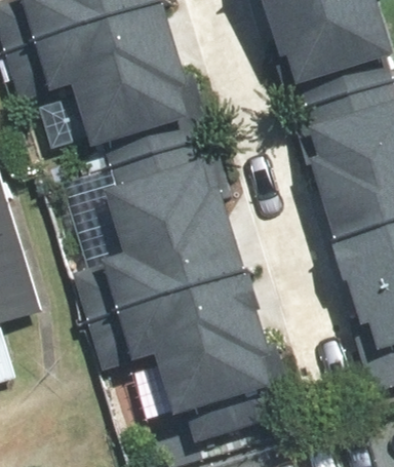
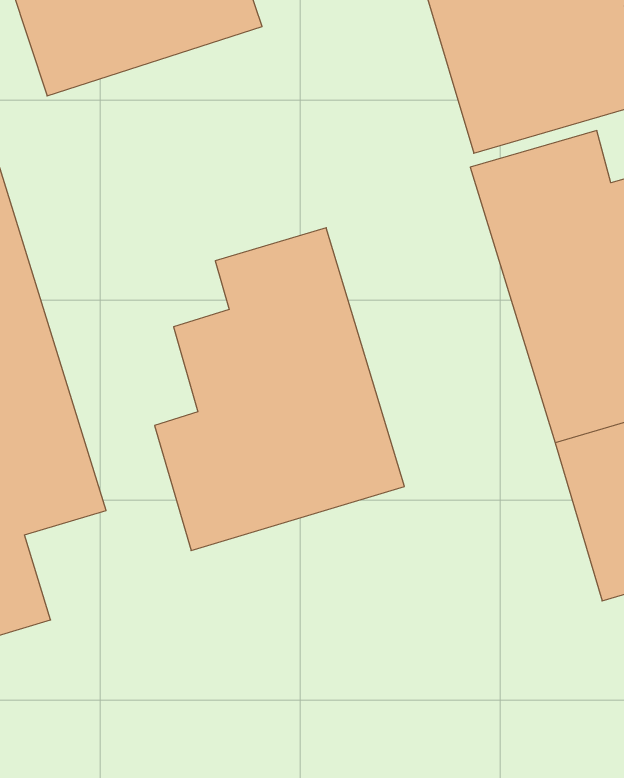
building: [35,17,189,140] -> none
building: [120,289,273,413] -> none

